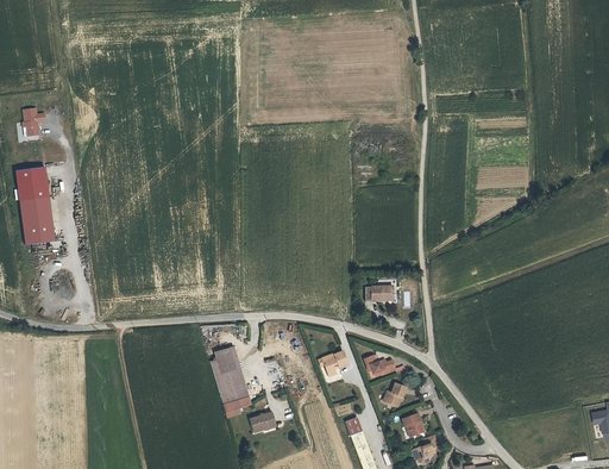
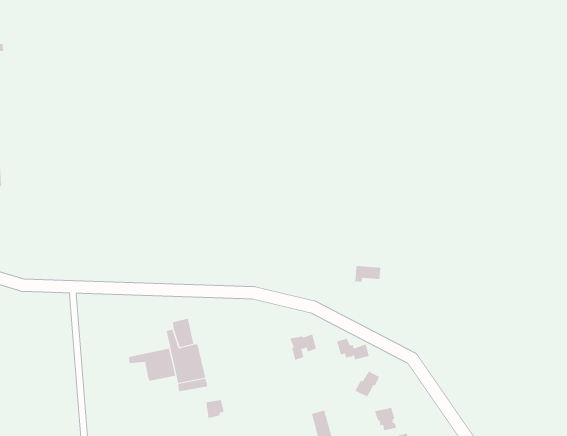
building: none -> [128,348,176,382]

